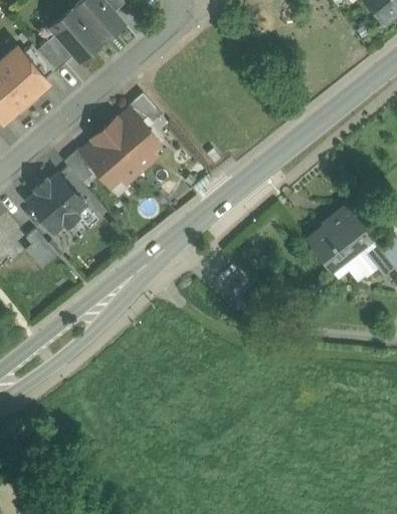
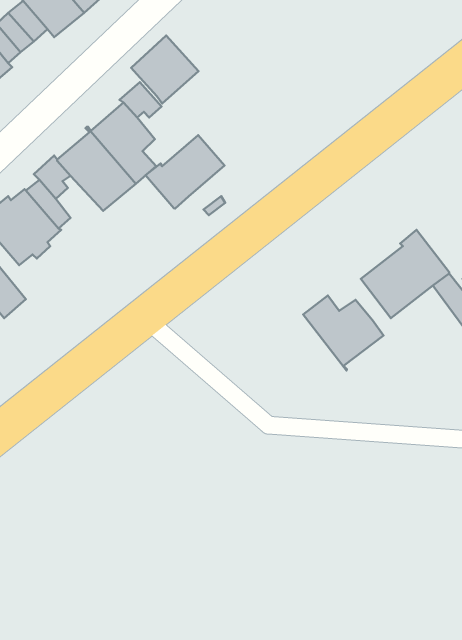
building: none -> [131,36,198,104]
building: none -> [146,135,225,208]
building: none -> [303,295,383,370]

